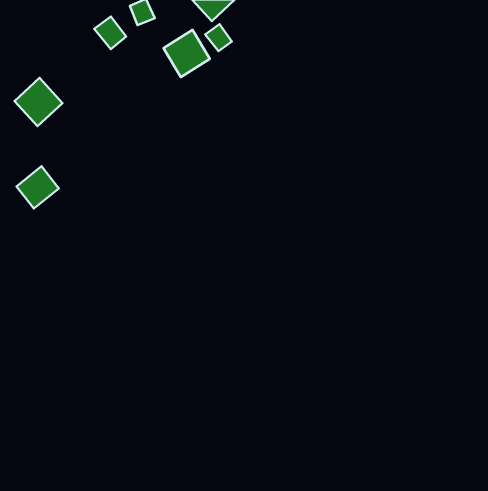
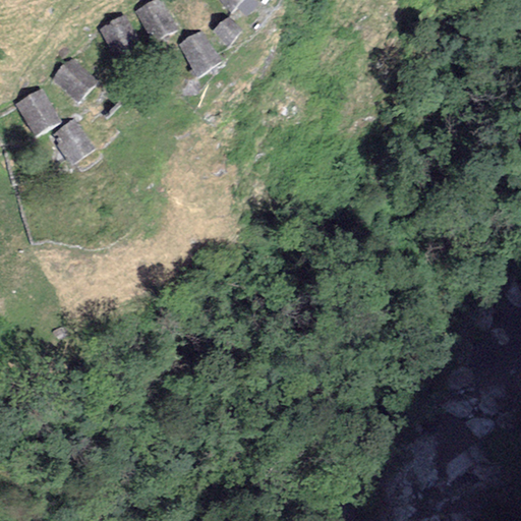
building: none -> [54,54,96,95]
building: [17,166,59,209] -> [52,119,97,164]

